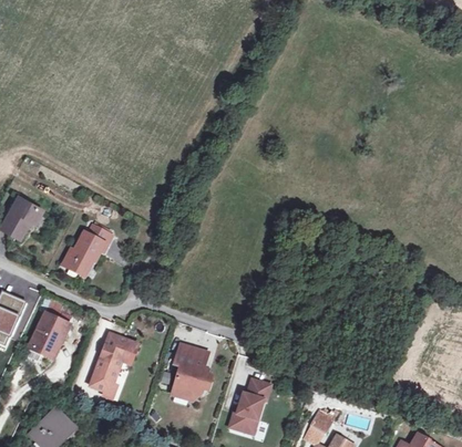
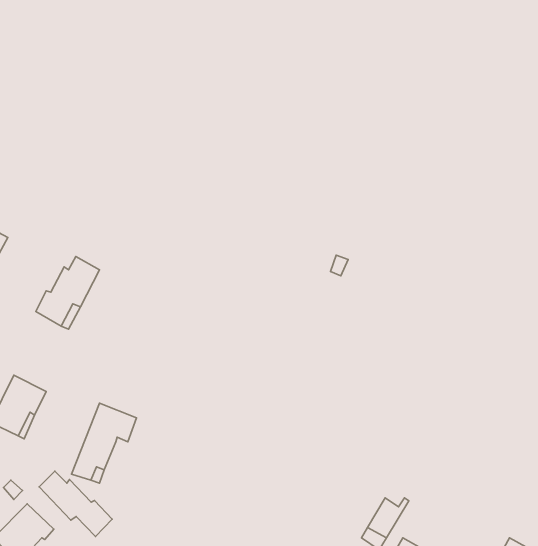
building: [173,345,207,397] -> none
building: [229,378,270,432] -> none
building: none -> [39,471,112,536]

